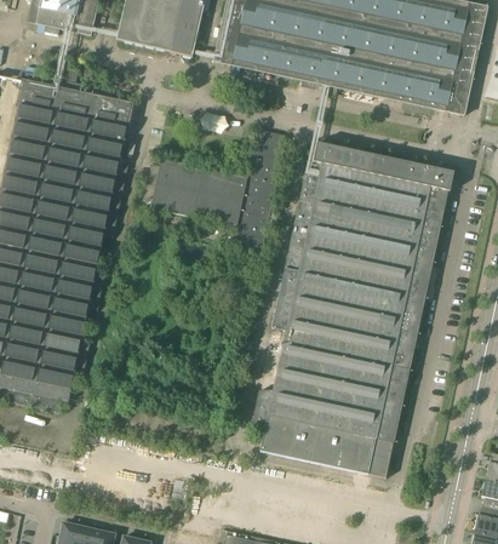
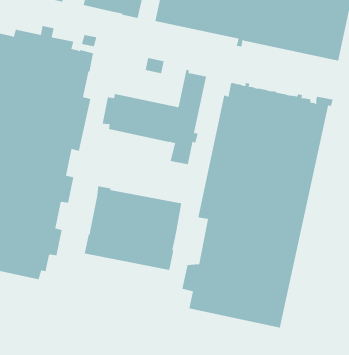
building: none -> [84,185,182,271]

